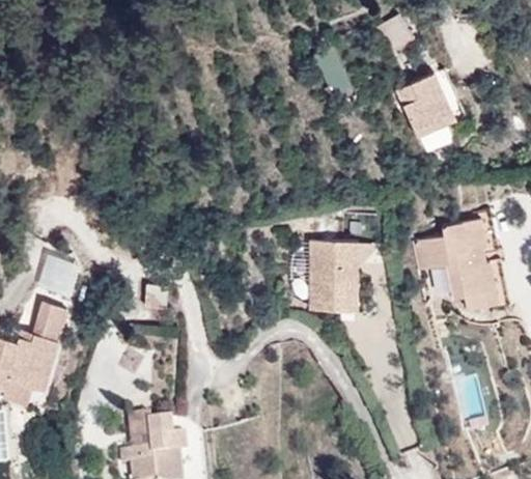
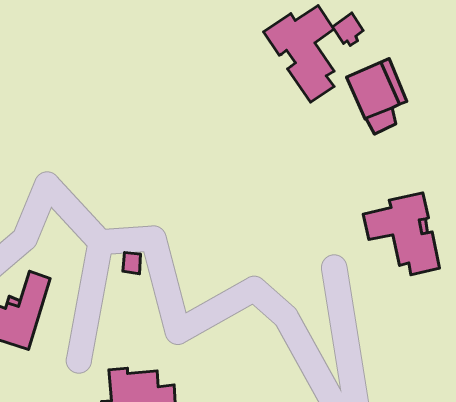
building: none -> [263,6,334,102]
building: [310,241,358,310] -> none

